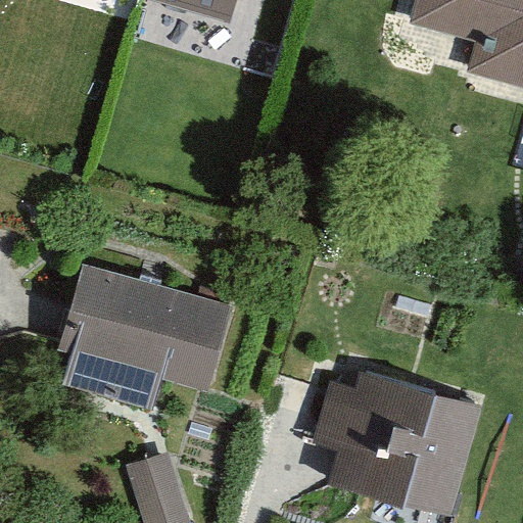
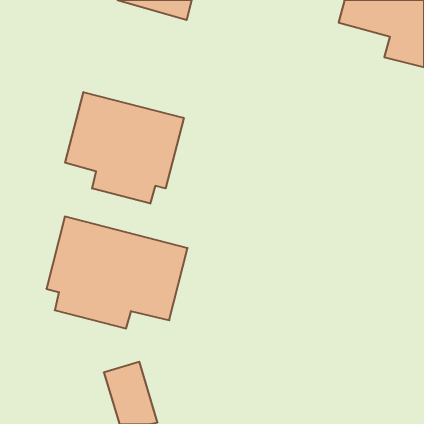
building: none -> [65,92,184,204]
building: [315,371,480,511] -> none

